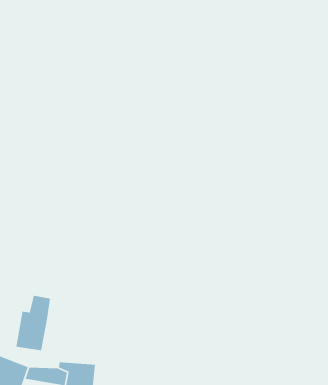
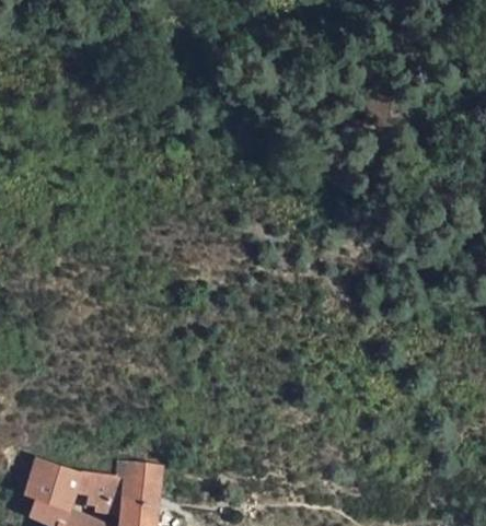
building: [16,295,51,351] -> none

